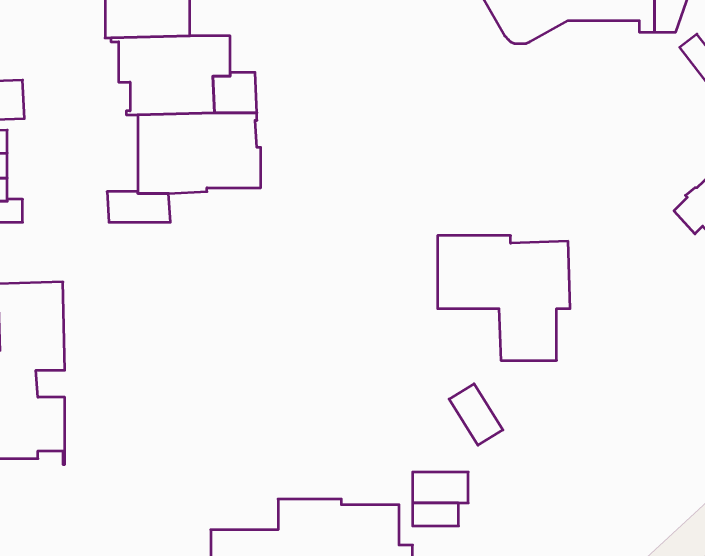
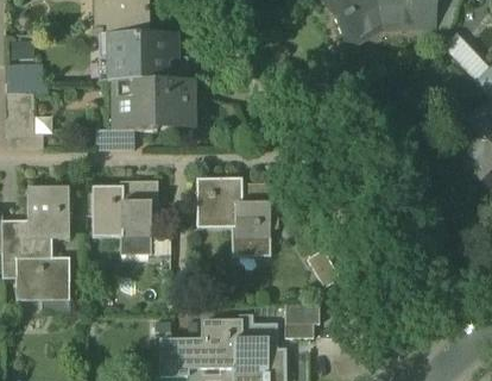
building: [438,236,570,360] -> [196,179,278,256]
building: none -> [92,180,157,254]

